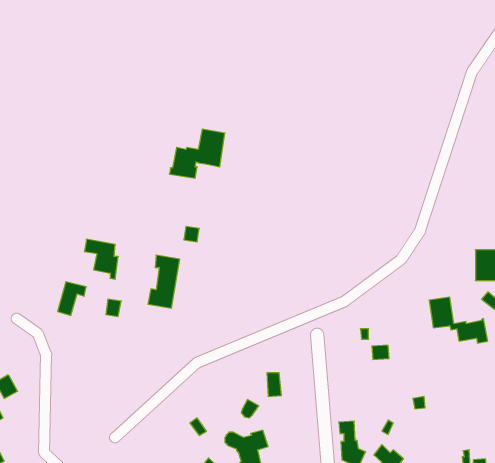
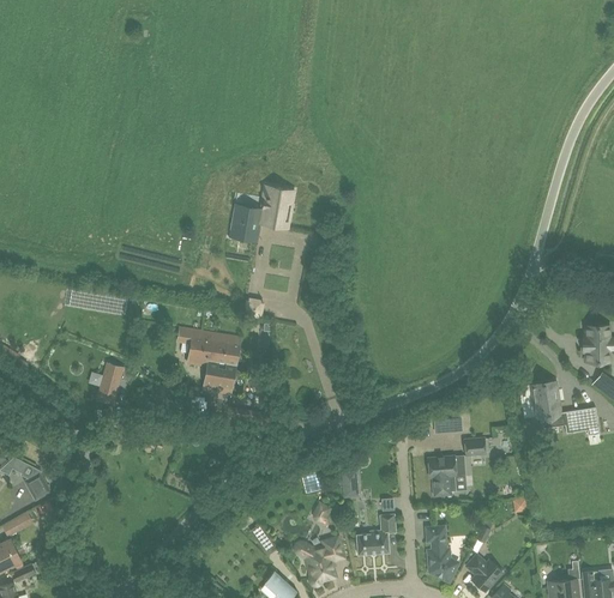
building: [84,239,118,279] -> [175,326,215,373]
building: none -> [427,455,464,495]
building: none -> [355,514,395,555]

